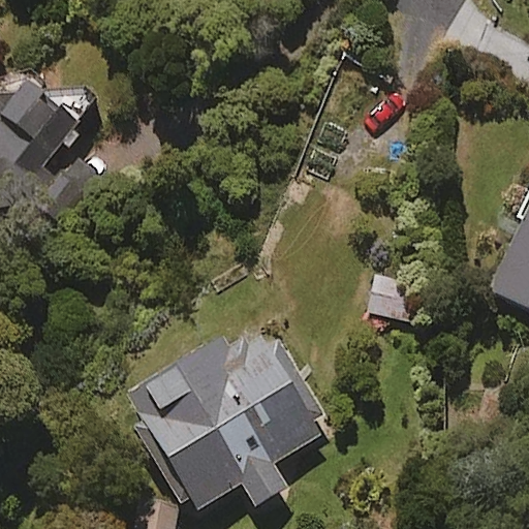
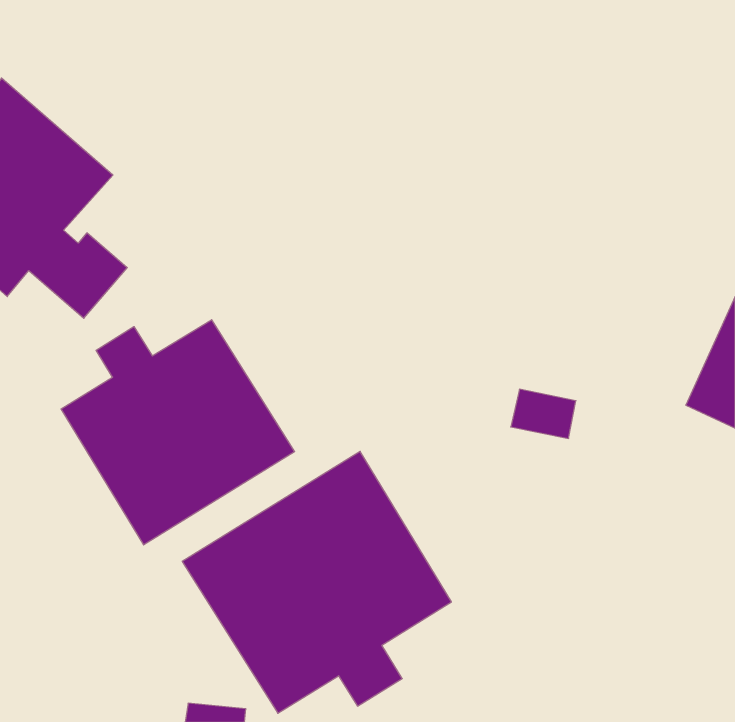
building: none -> [61,320,295,545]

